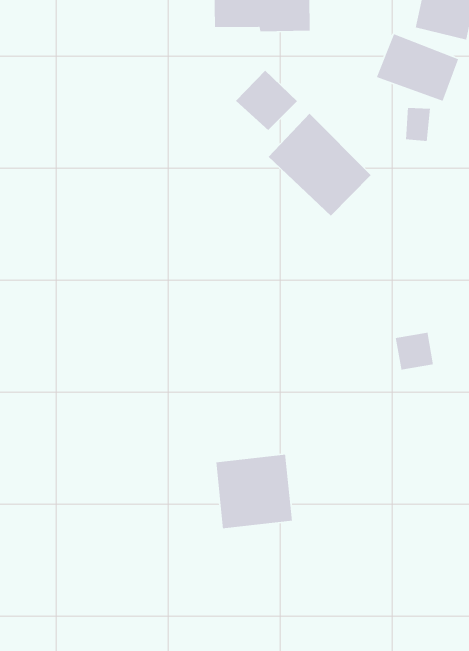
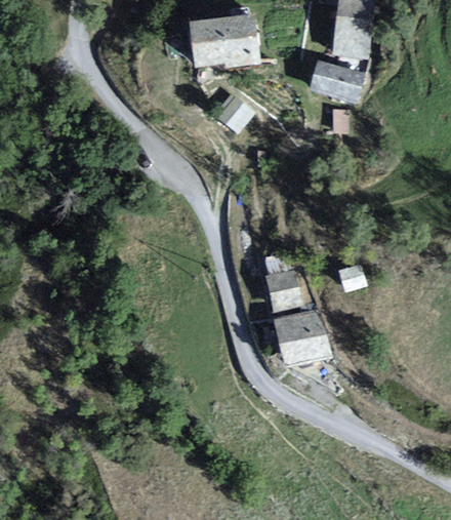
building: [268,113,372,217] -> none
building: none -> [264,268,303,313]
building: [215,454,293,529] -> [273,309,330,365]

